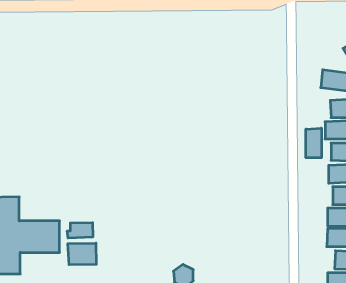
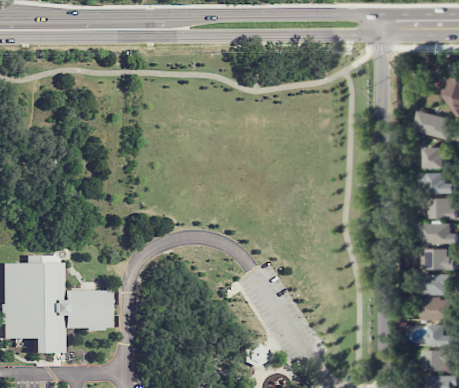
building: [306,128,321,158] -> none
building: [67,223,93,238] -> none
building: [68,243,96,265] -> none

